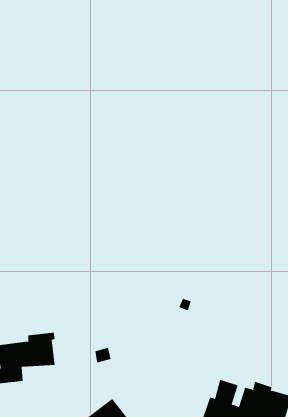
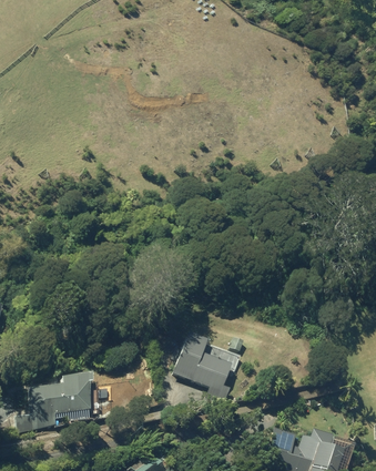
building: none -> [173,331,232,401]

